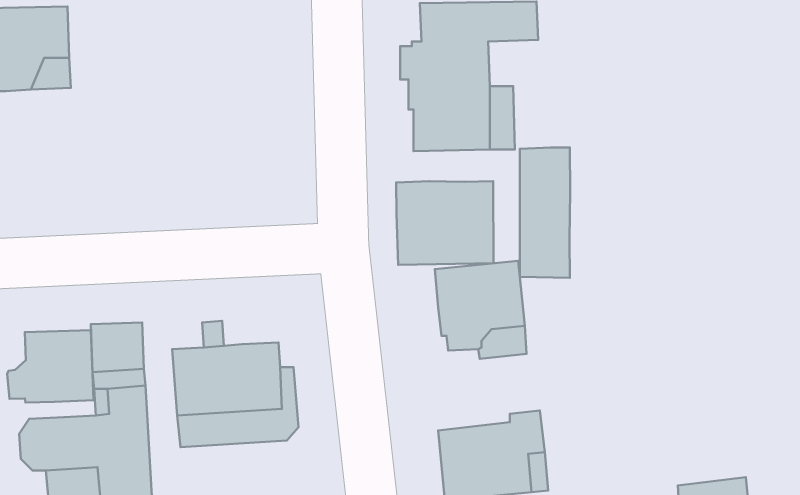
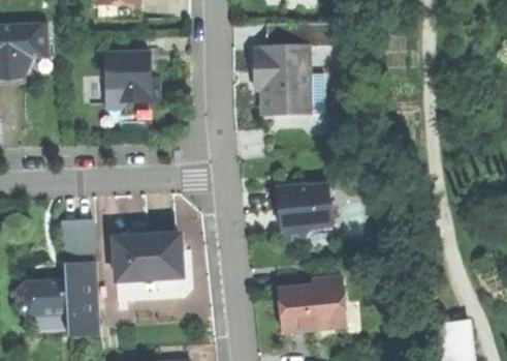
building: none -> [99,52,157,106]
building: [520,148,570,278] -> none
building: [396,181,494,265] -> none
building: [7,330,93,403] -> none

